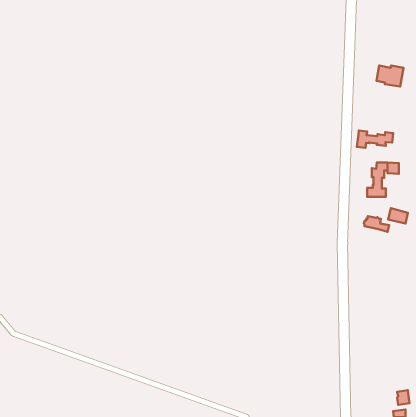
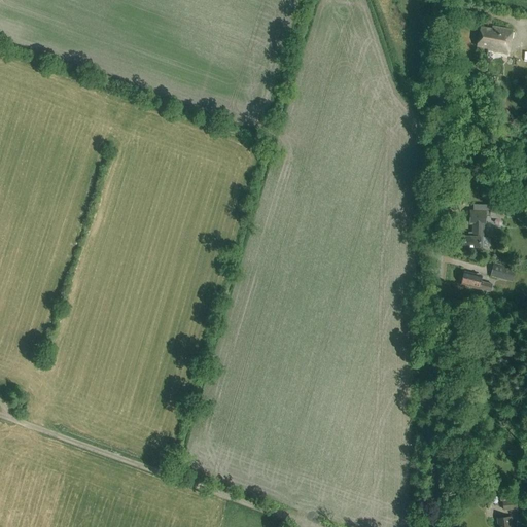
building: [377,65,404,87] -> [478,28,512,55]
building: [357,131,393,148] -> none

